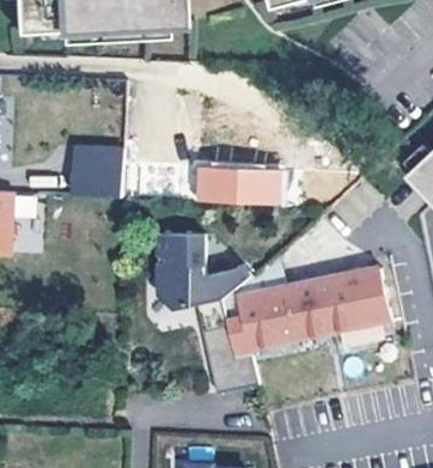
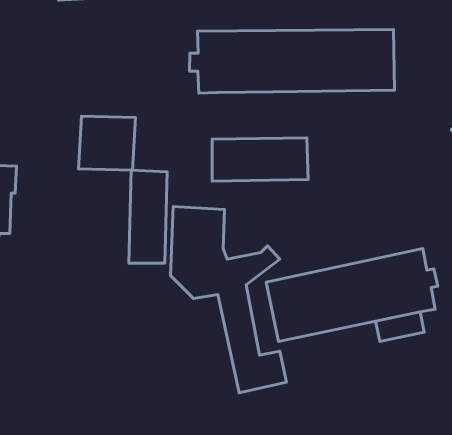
building: none -> [189,30,395,93]
building: none -> [129,170,167,263]

